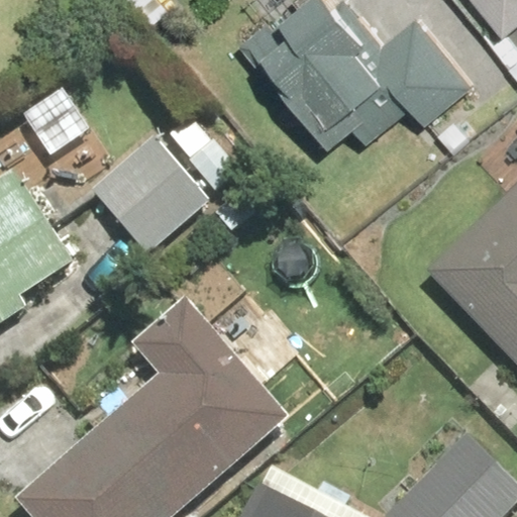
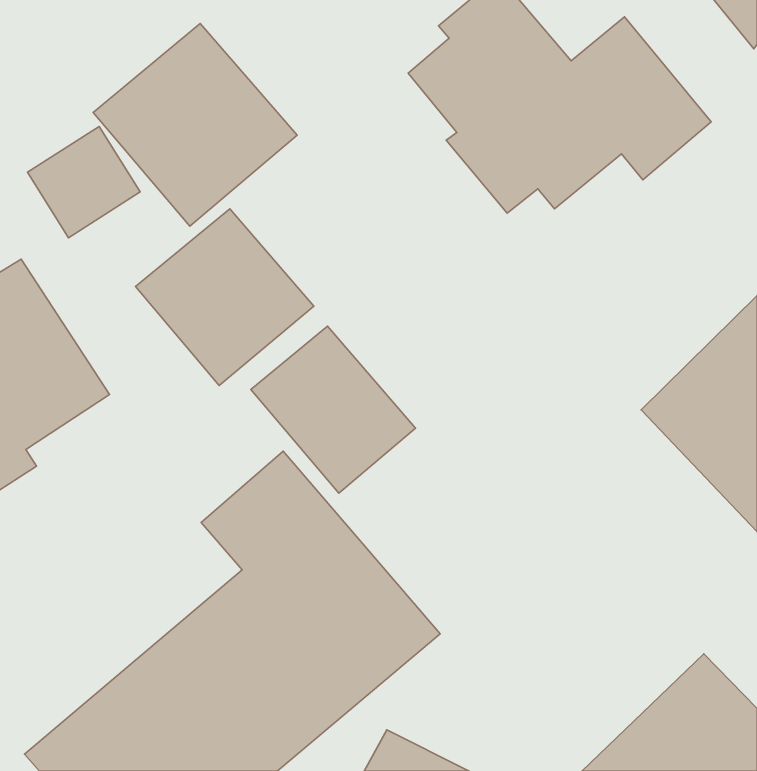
building: none -> [93,23,297,226]
building: none -> [251,326,415,493]

